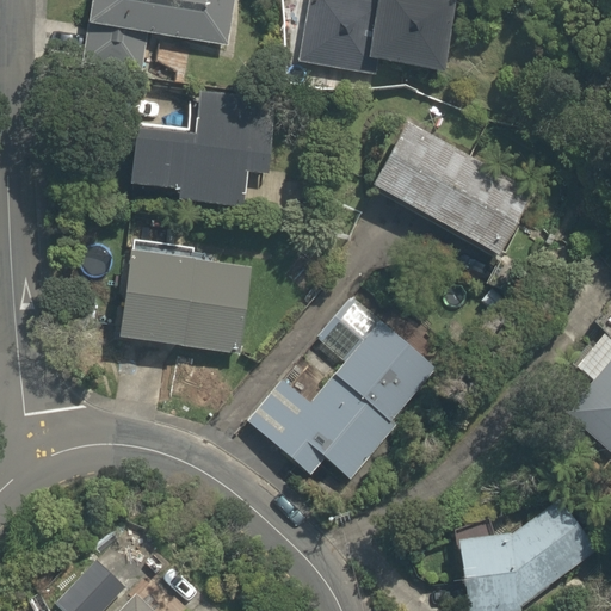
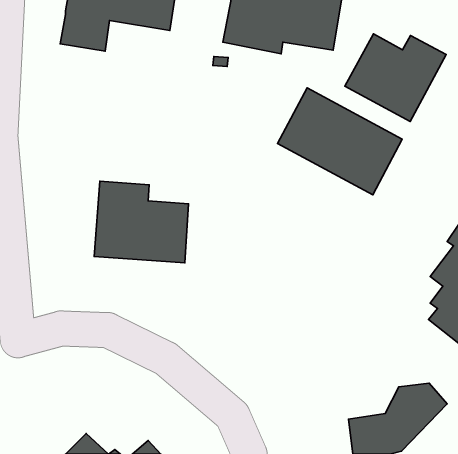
building: none -> [345,34,446,121]
building: [126,98,279,209] -> none
building: [243,292,436,477] -> none

